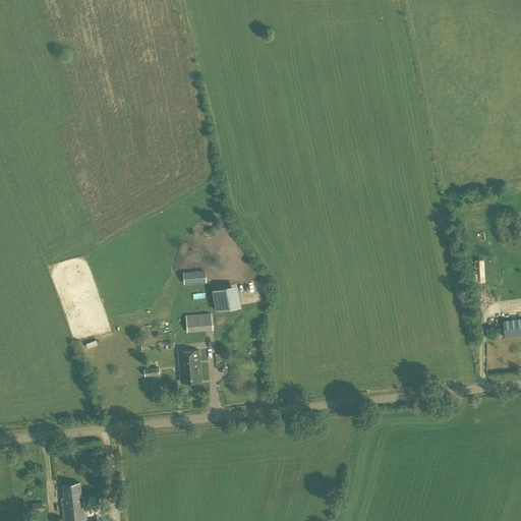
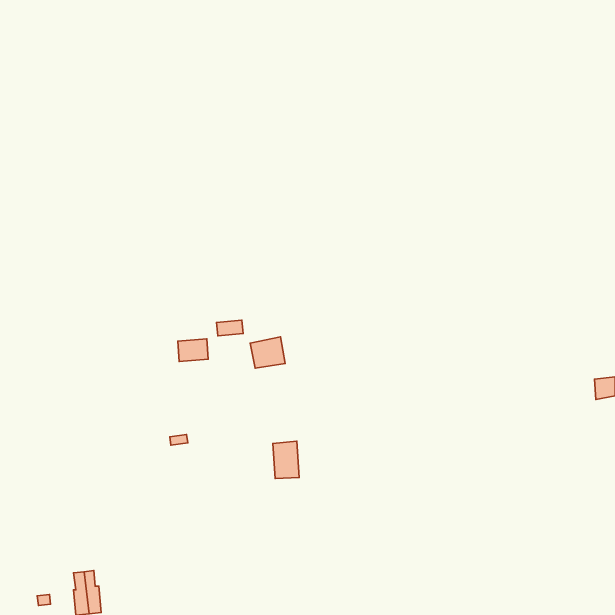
building: [186,313,212,333] -> [178,339,208,362]
building: [179,351,201,383] -> [273,441,299,479]

